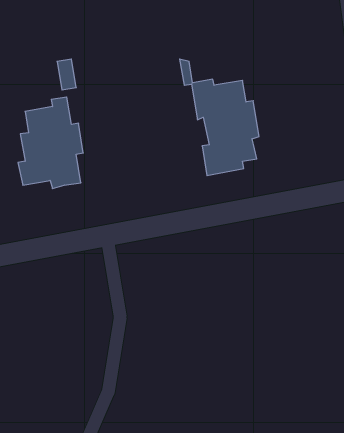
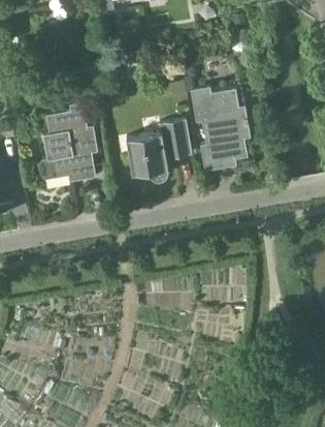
building: none -> [126,120,192,179]

